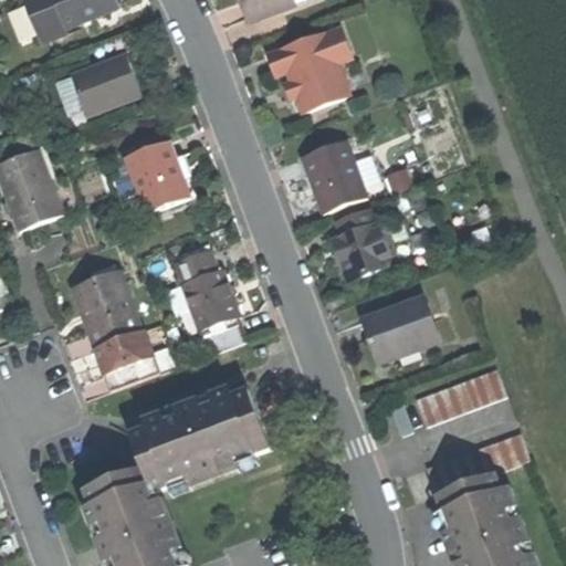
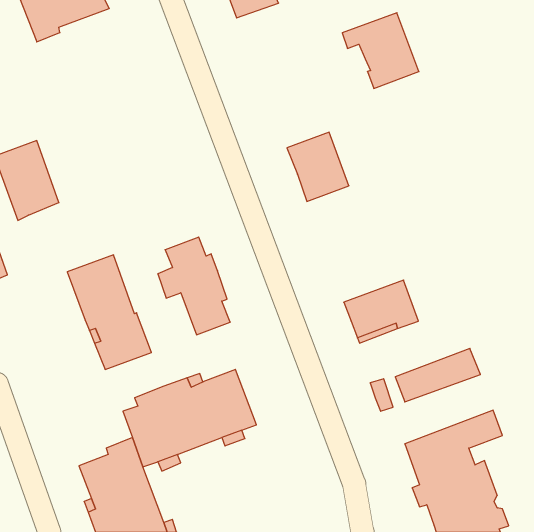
building: [269,32,349,112] -> [342,13,419,88]
building: [71,54,142,115] -> none
building: [125,140,189,213] -> none
building: [333,207,407,281] -> none

